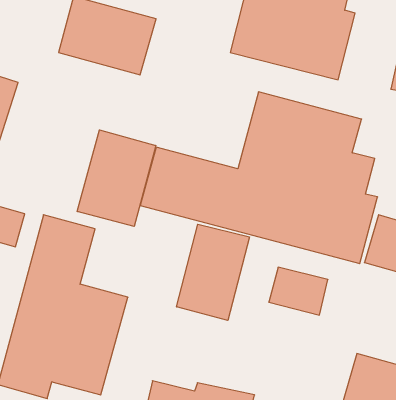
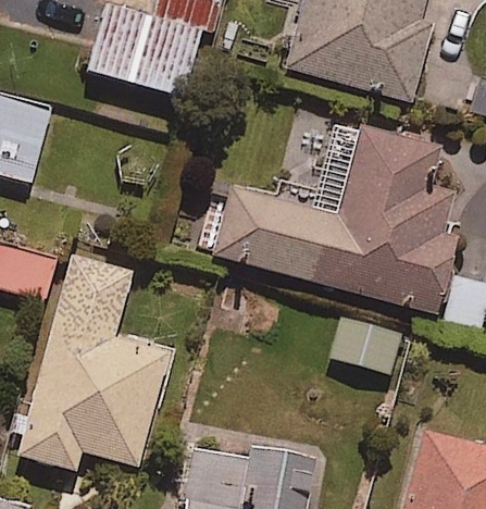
building: [77,130,156,226] -> none
building: [177,224,249,320] -> none

